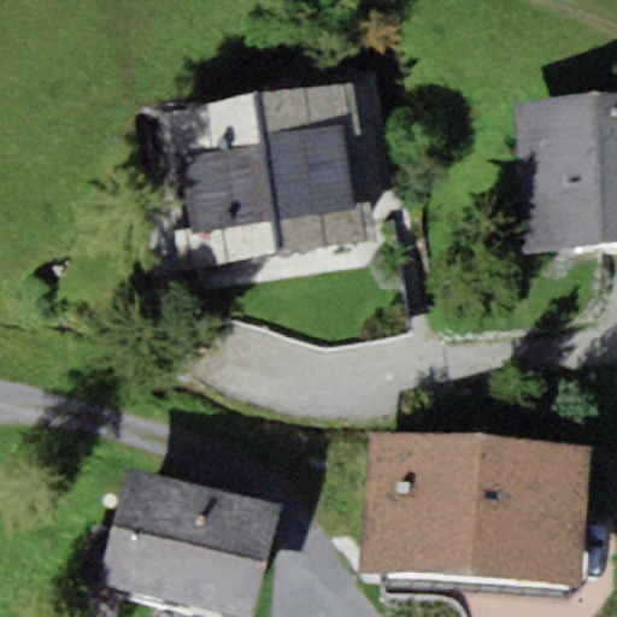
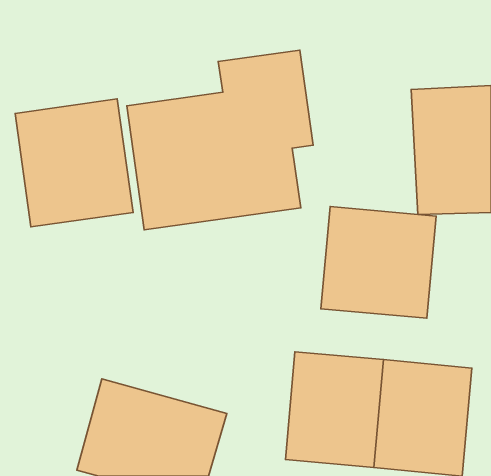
building: none -> [15,99,133,227]
building: none -> [321,207,436,318]

